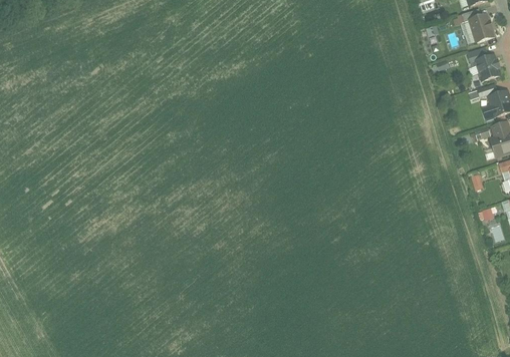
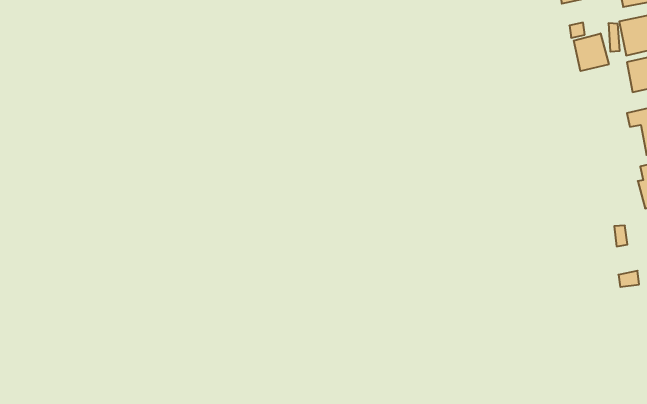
building: none -> [574,33,609,71]

